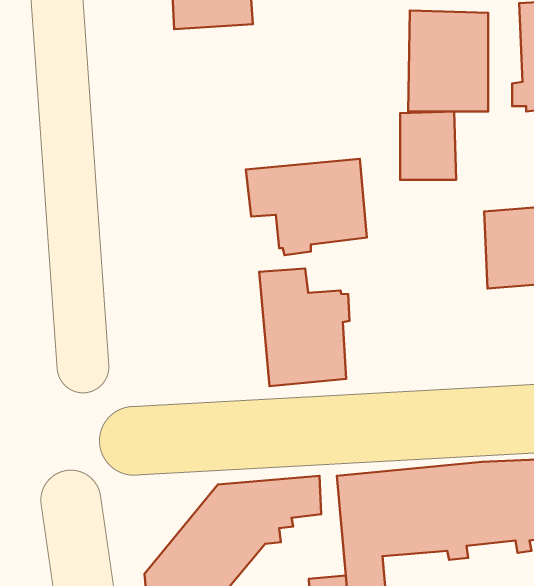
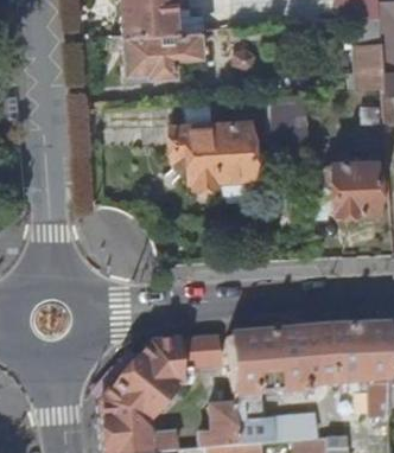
building: [408,10,488,112] -> none
building: none -> [120,30,196,77]
building: [259,268,350,386] -> none

